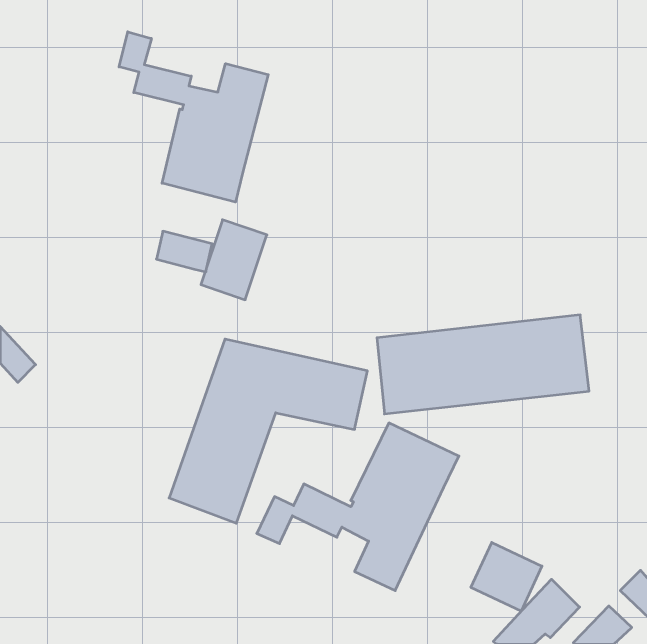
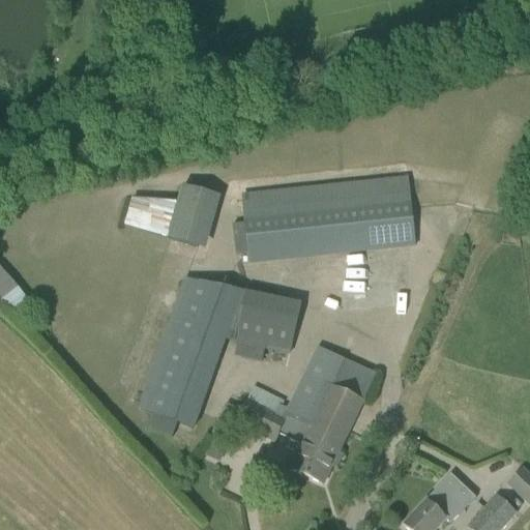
building: [119,32,268,202] -> none
building: [377,315,589,414] -> [242,180,415,261]
building: [471,542,542,611] -> none

